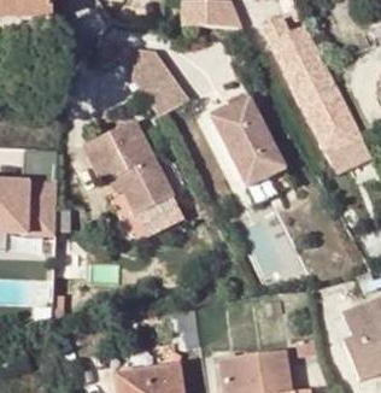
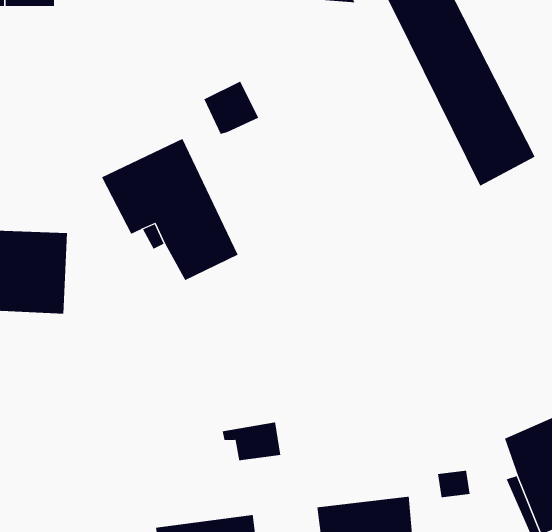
building: [119,39,171,94] -> none
building: [210,98,272,186] -> none
building: [119,195,181,242] -> none

